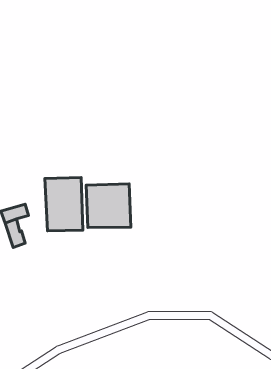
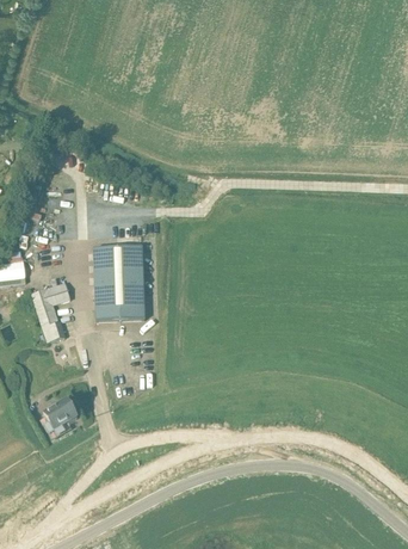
building: [86,184,131,227] -> none
building: none -> [43,402,78,434]

